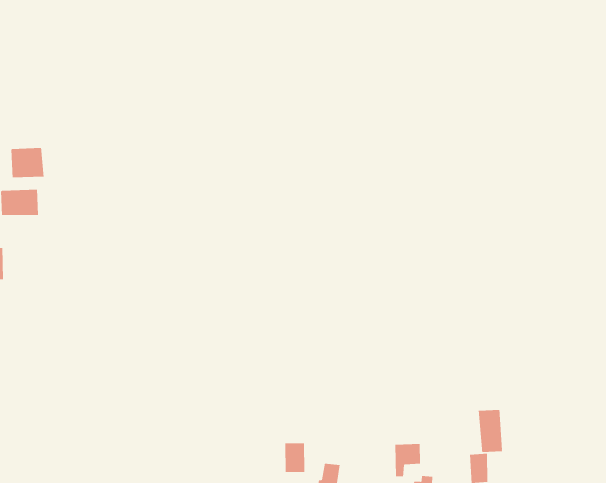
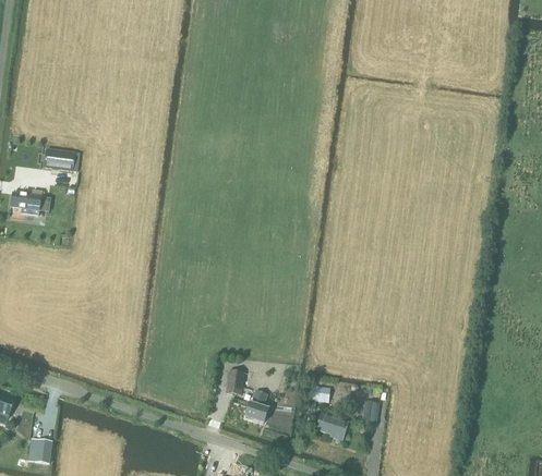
building: [11,147,44,178] -> none
building: [478,409,502,453] -> none

